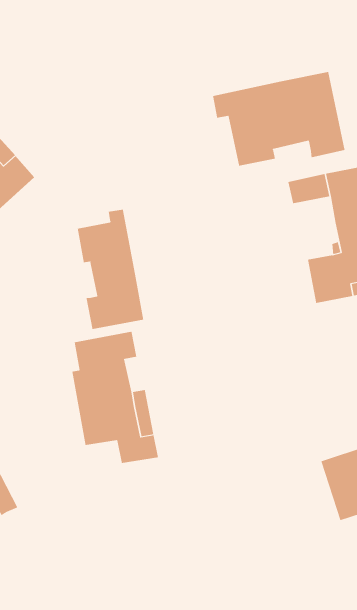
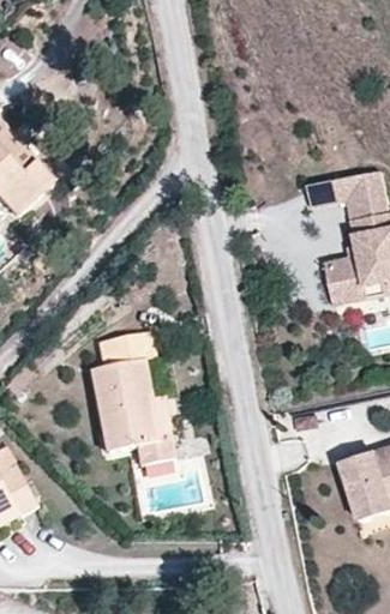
building: [213,71,345,167] -> none
building: [77,209,144,330] -> none

